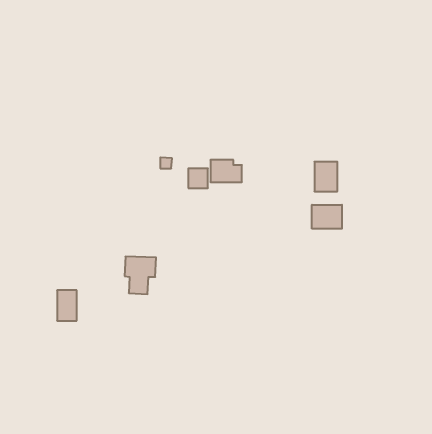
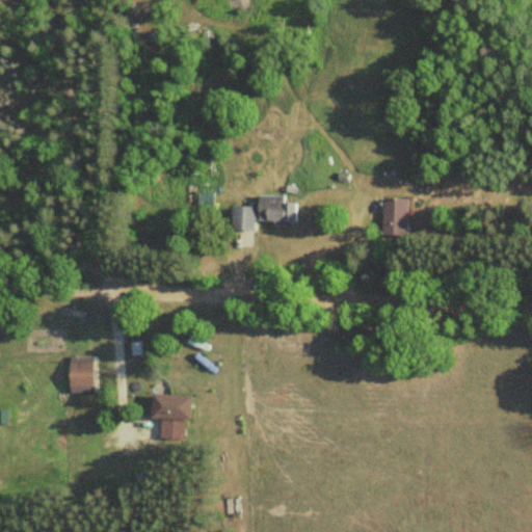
building: [312,205,342,229] -> none
building: [125,257,156,294] -> [152,394,190,440]

